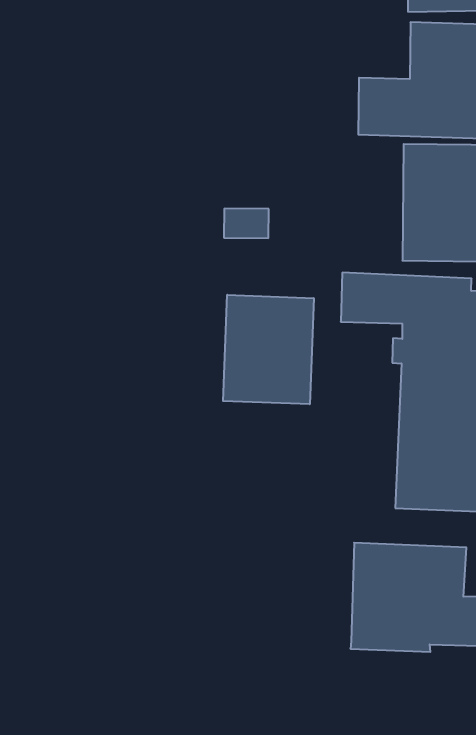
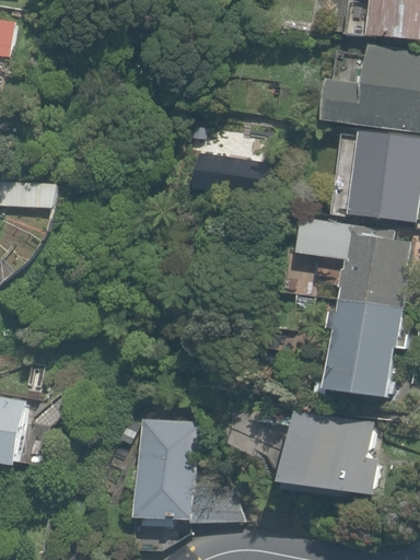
building: [223,295,314,404] -> none
building: none -> [130,417,240,523]

